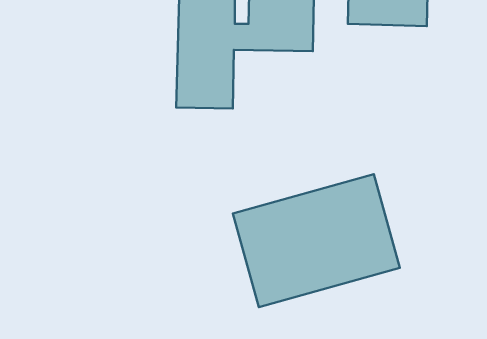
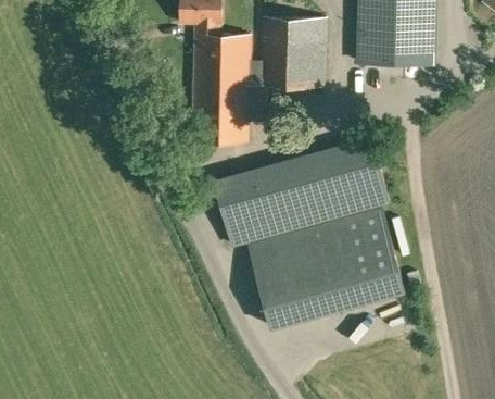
building: none -> [215,136,389,247]

